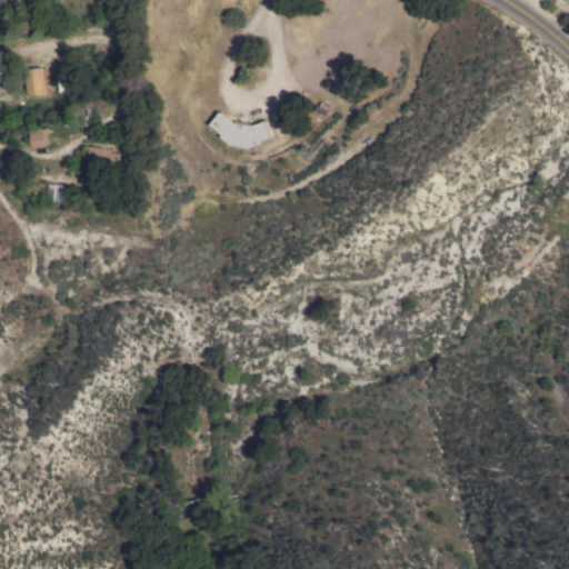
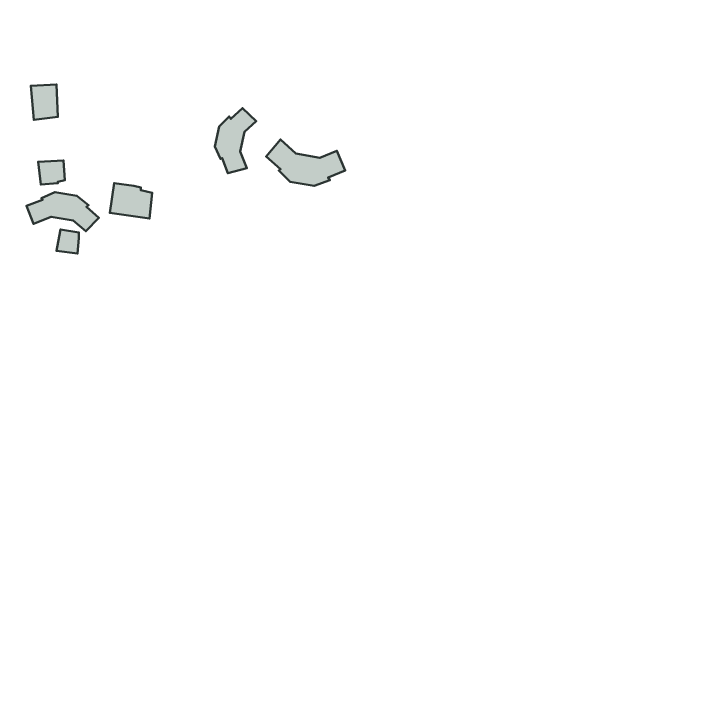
building: none -> [215,108,256,173]
building: none -> [26,192,99,231]

